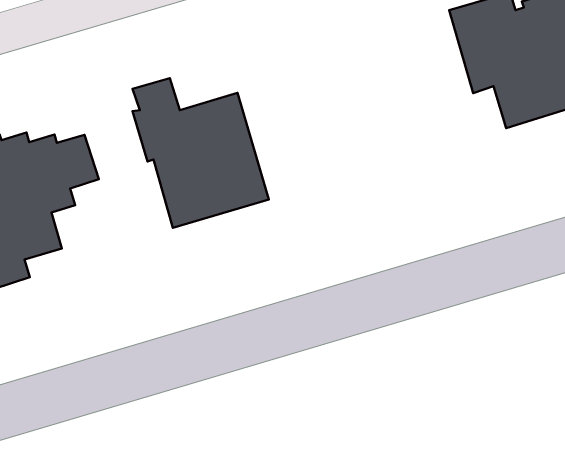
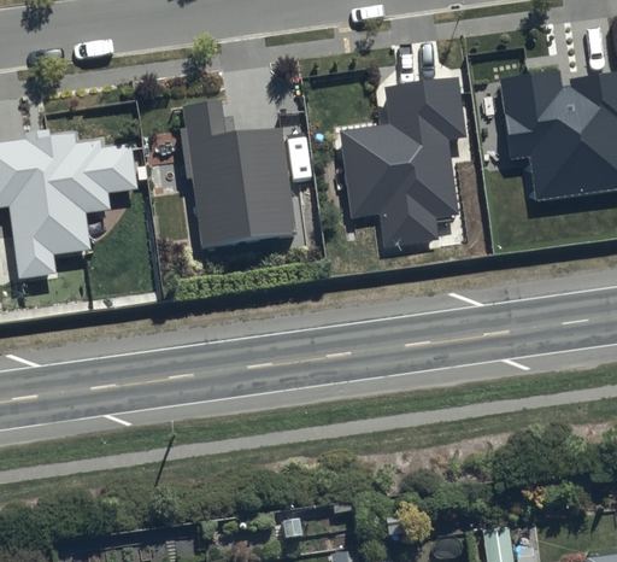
building: none -> [341,76,468,246]

